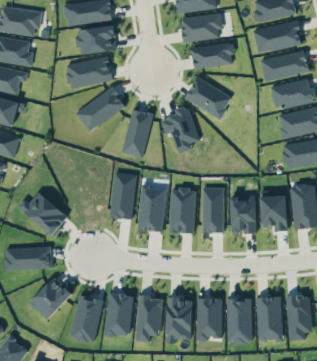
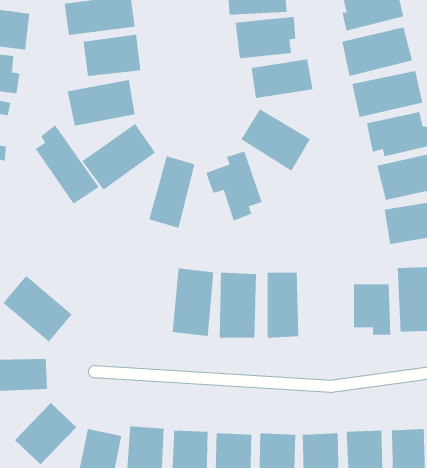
building: none -> [35,124,99,204]
building: [111,173,135,219] -> none
building: [230,195,256,233] -> none

